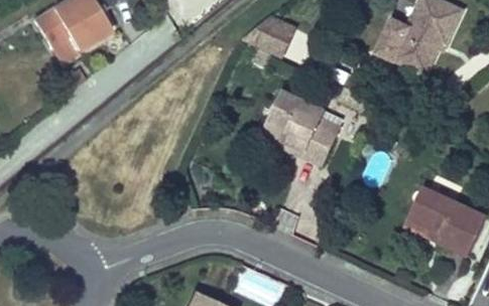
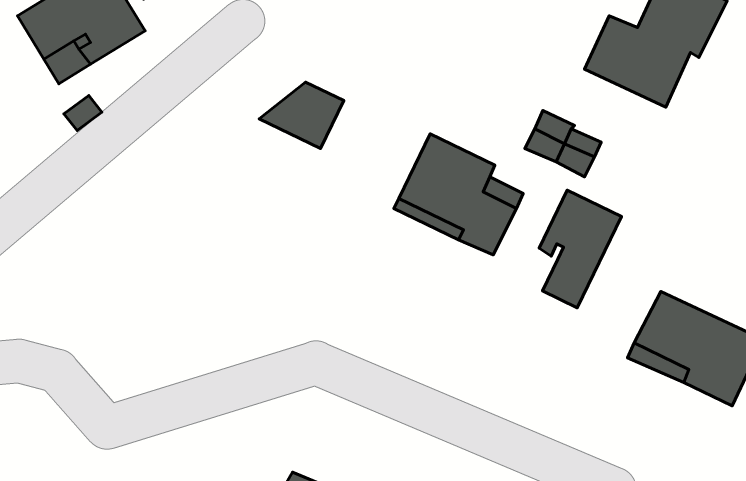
building: [243,16,294,56] -> [259,82,344,149]
building: none -> [539,190,622,308]

